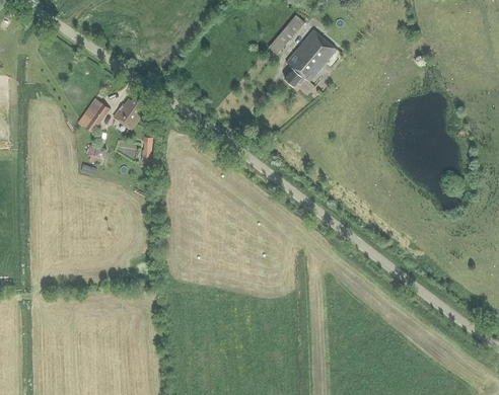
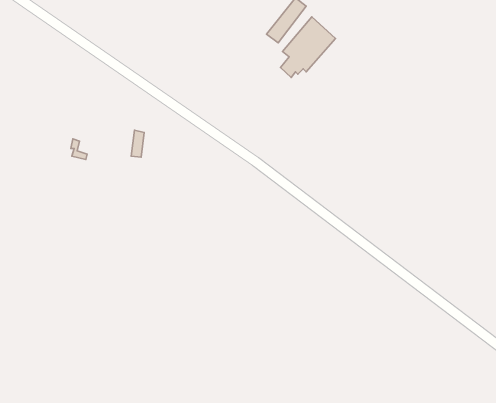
building: [113,96,144,130] -> none
building: [83,98,109,127] -> none

